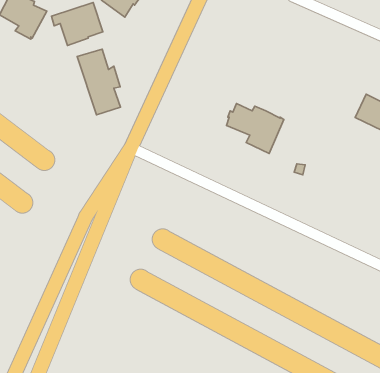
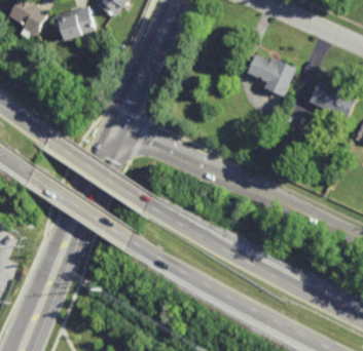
building: [77,49,120,115] -> none
building: [227,104,284,154] -> [246,54,294,96]

